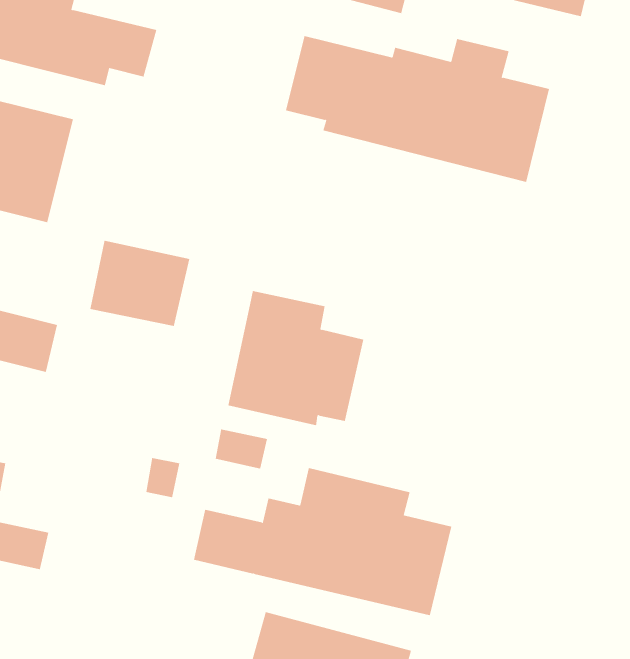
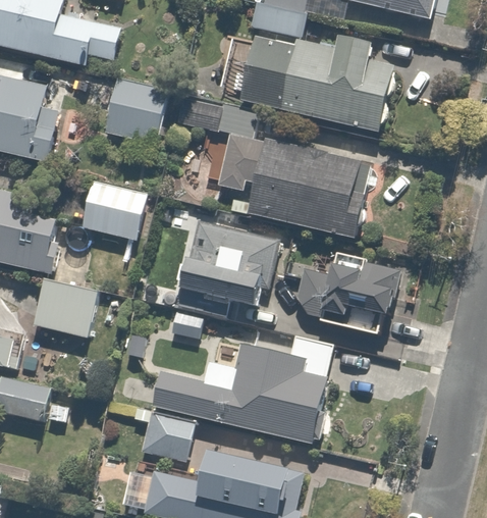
building: none -> [102,75,167,143]
building: none -> [170,88,373,244]
building: none -> [293,251,404,338]
building: none -> [29,274,99,336]
building: none -> [128,400,194,459]

